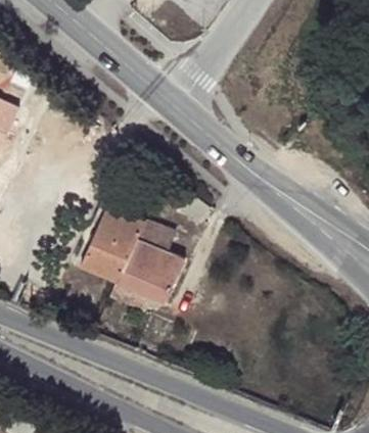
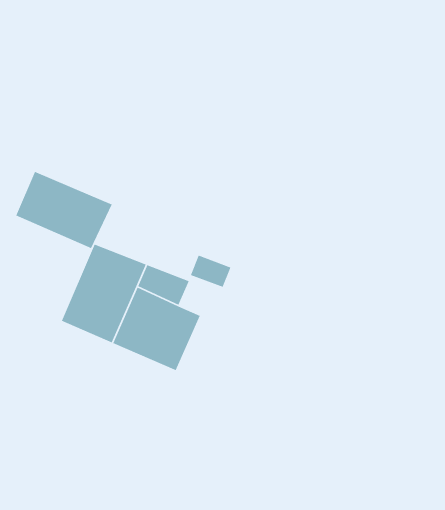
building: none -> [15,171,113,249]

